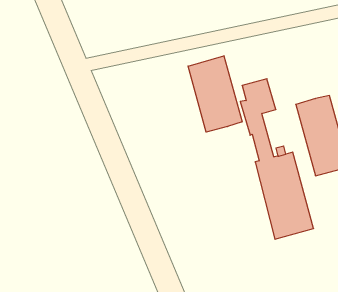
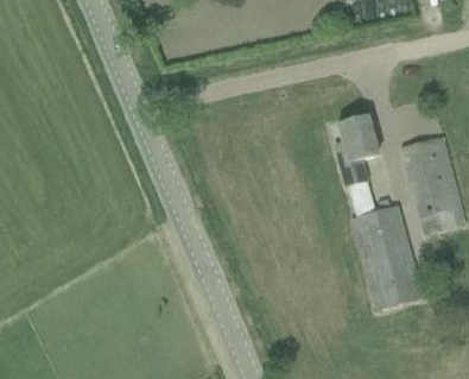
building: [188,56,242,132] -> none

